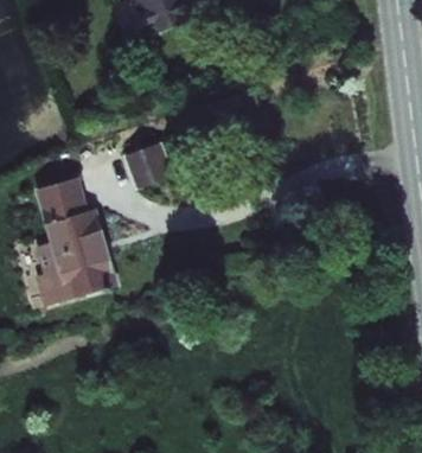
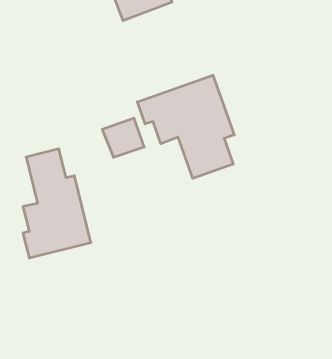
building: none -> [137,75,234,178]

